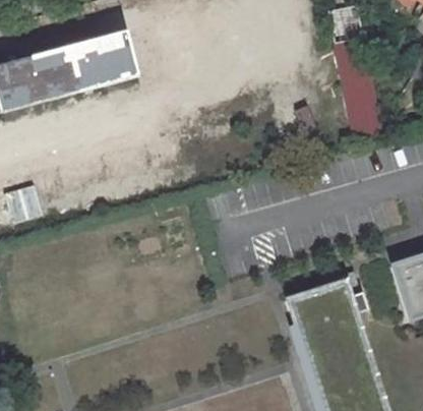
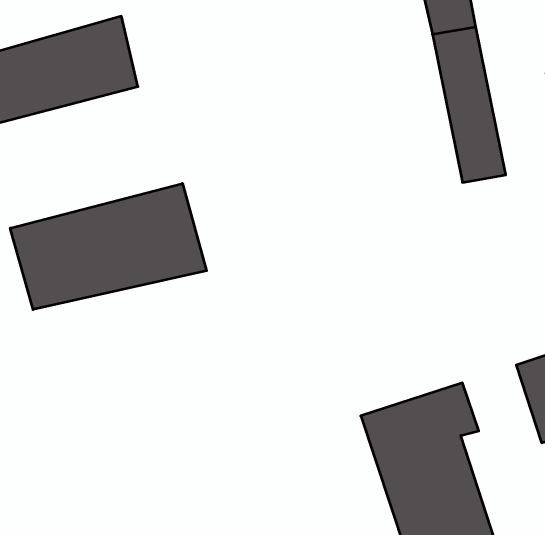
building: none -> [10,183,207,310]

